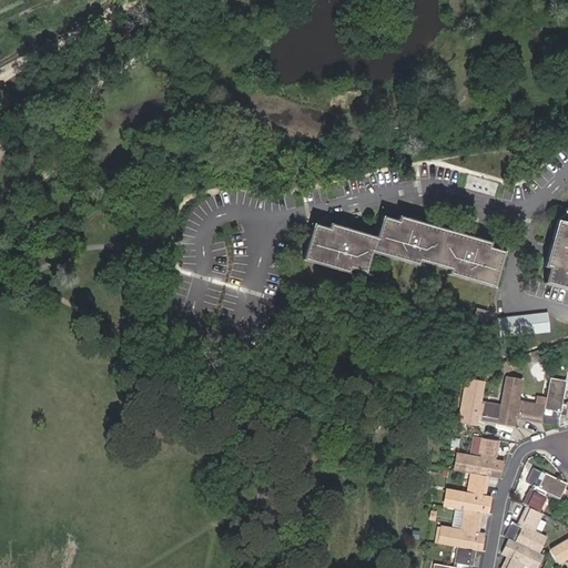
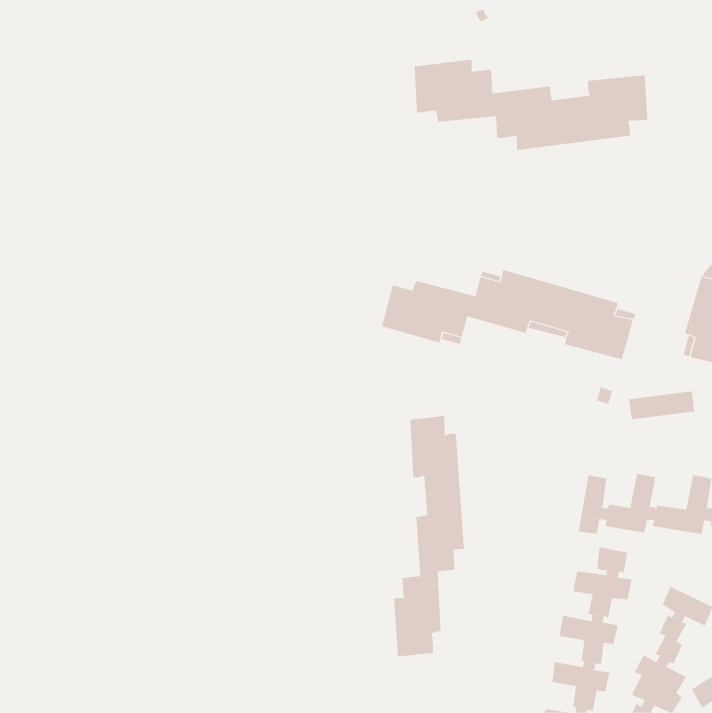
building: none -> [414,59,648,151]
building: none -> [394,415,464,657]

